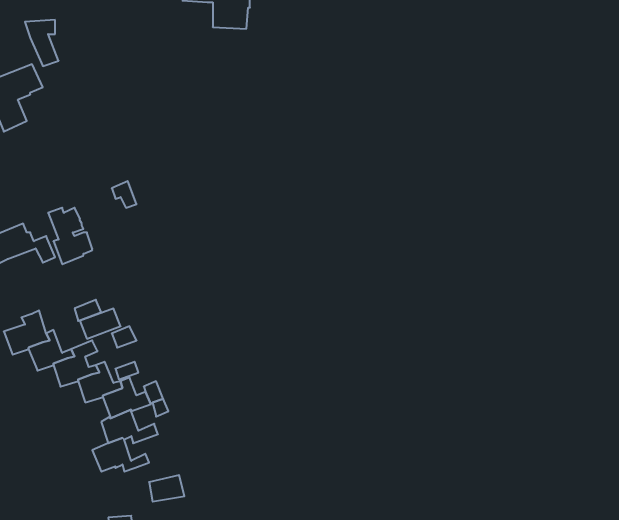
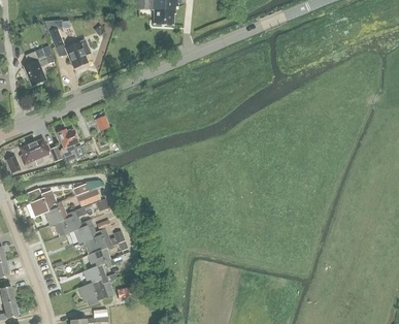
building: none -> [65,38,91,68]
building: none -> [78,279,107,299]

